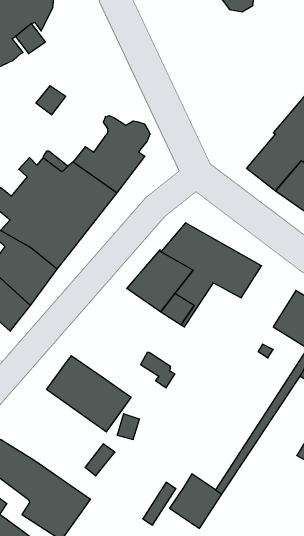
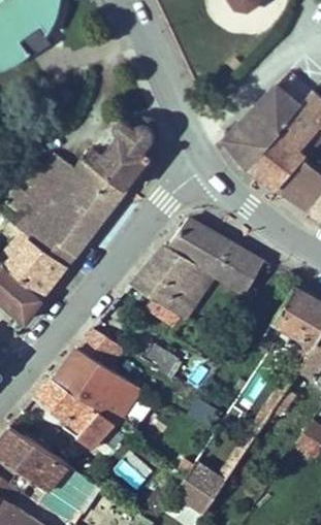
building: none -> [223,86,298,168]
building: none -> [79,330,124,369]
building: none -> [37,380,114,448]

